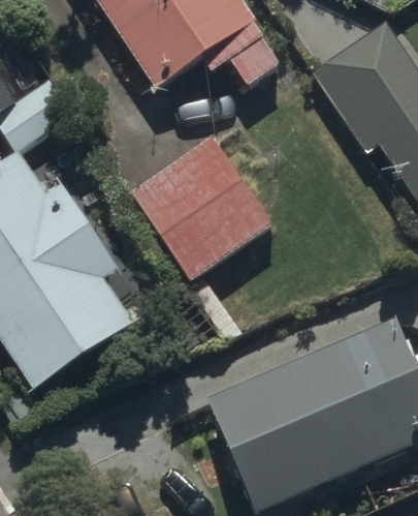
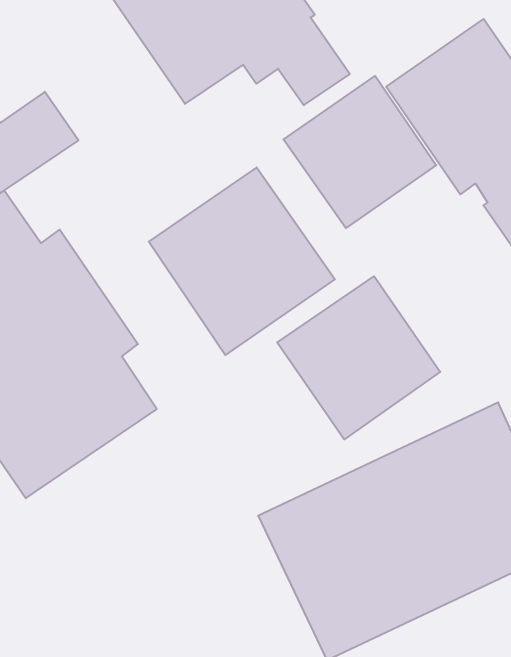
building: none -> [283,76,436,228]
building: none -> [277,276,440,439]

